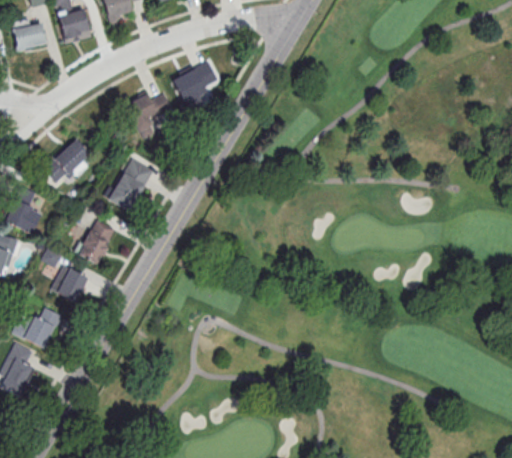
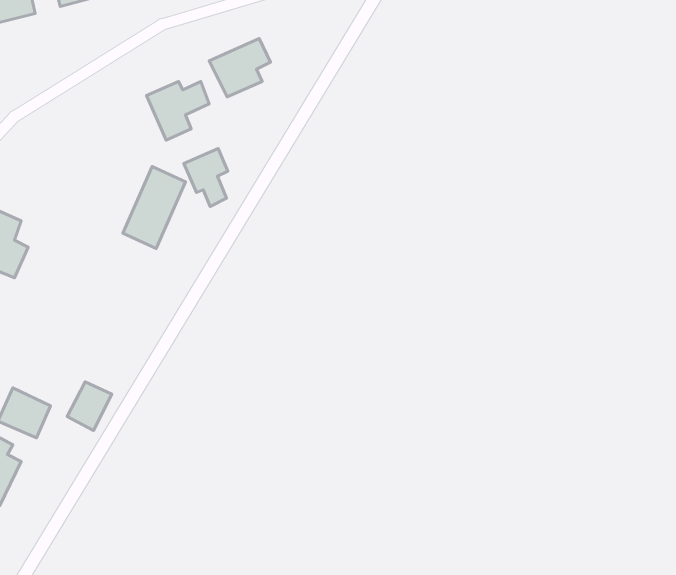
building: [42,140,88,186] -> none
building: none -> [184,149,228,207]
building: [76,219,116,265] -> none
building: [56,268,88,303] -> [67,382,112,431]

